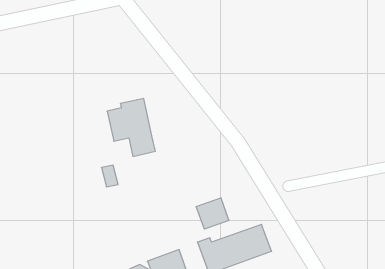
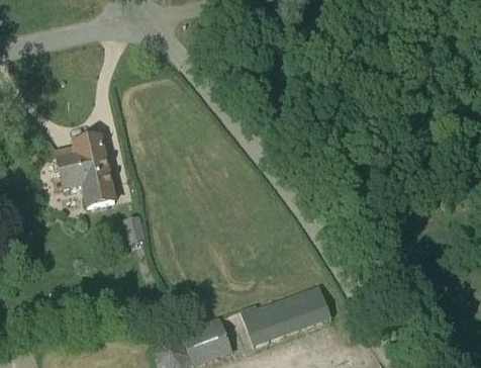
building: [107,99,155,156] -> [57,135,115,205]
building: [196,198,229,229] -> none

